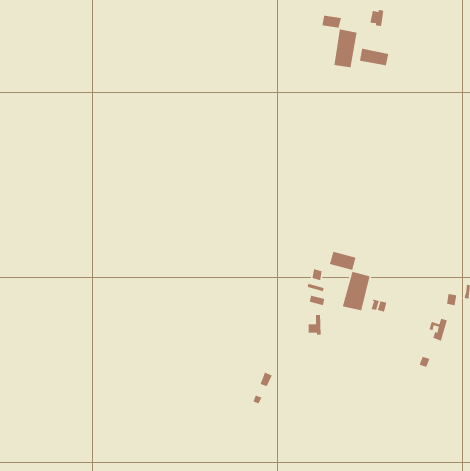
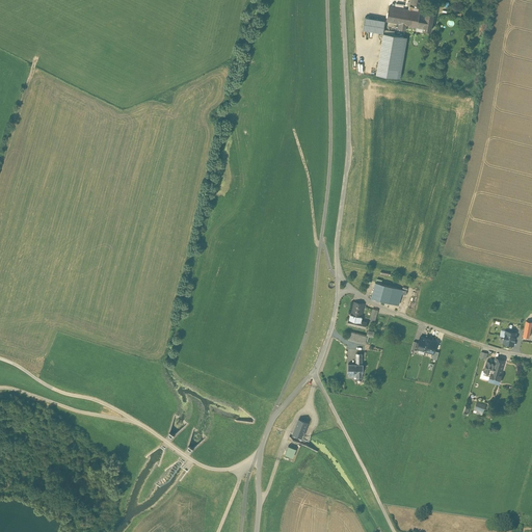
building: [359,48,389,66] -> [387,5,421,26]
building: [342,271,370,311] -> none

